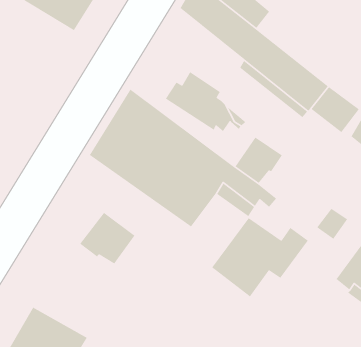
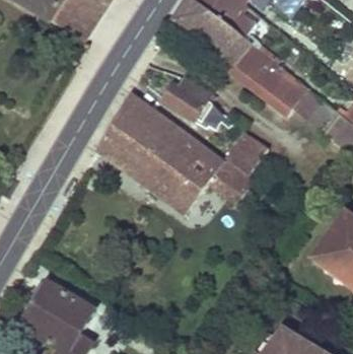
building: [79,212,136,265] -> none
building: [211,217,309,298] -> none

